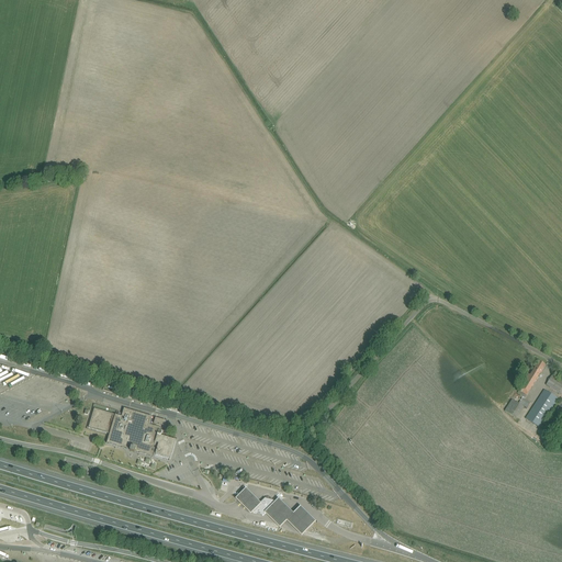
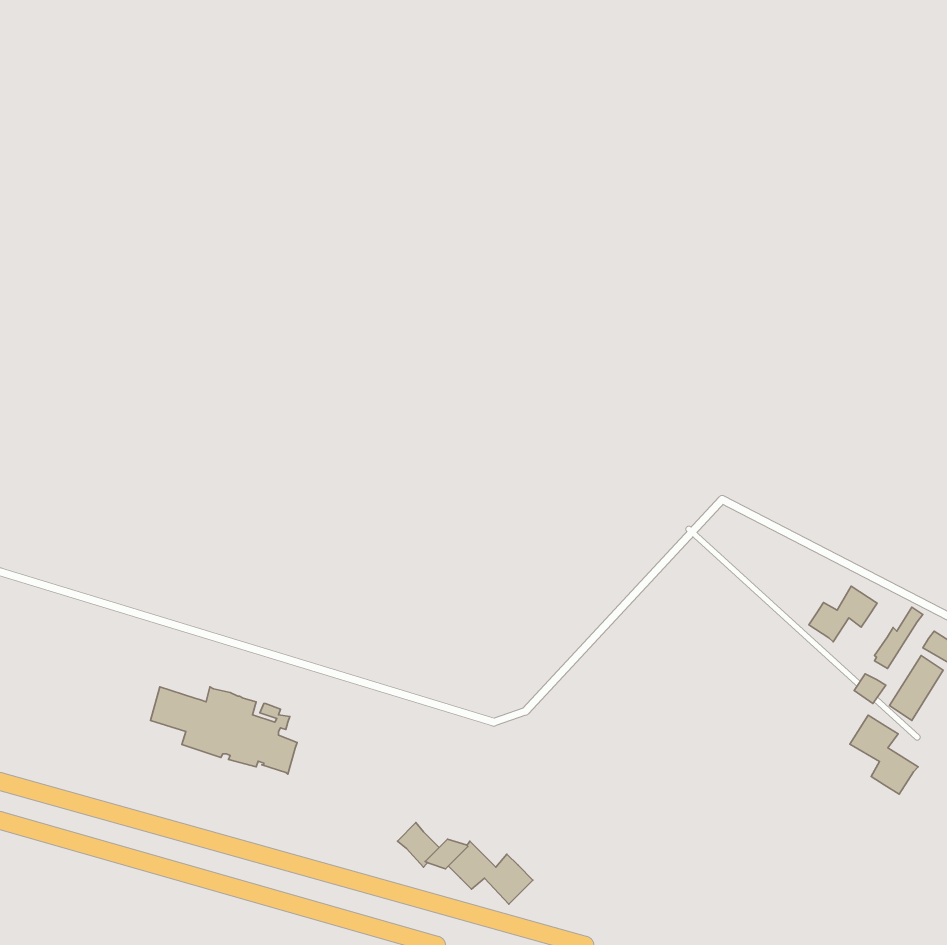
building: none -> [809,586,877,642]
building: none -> [850,715,918,794]

